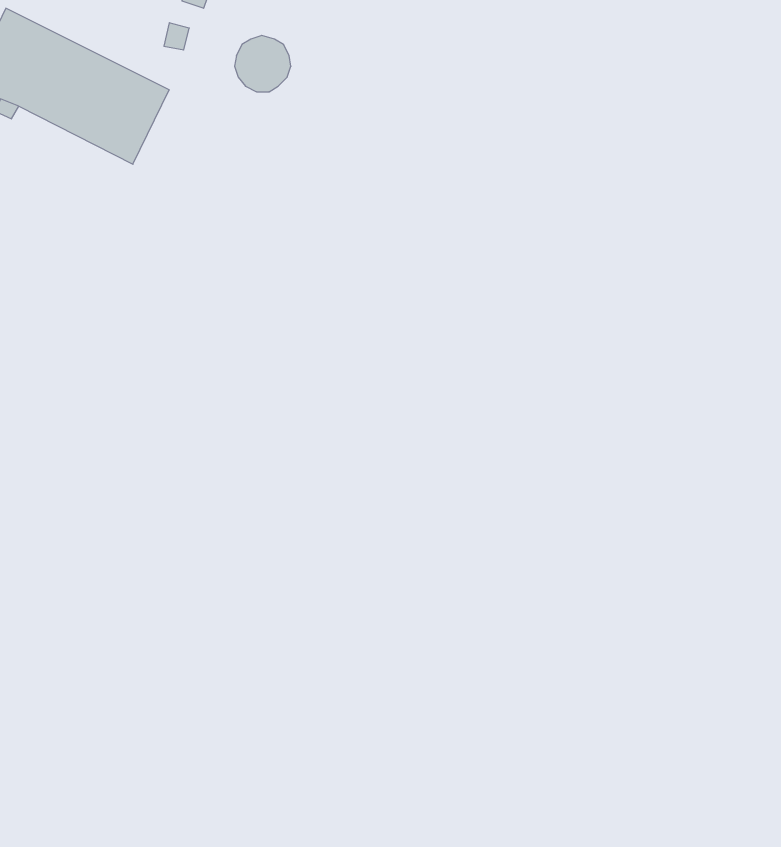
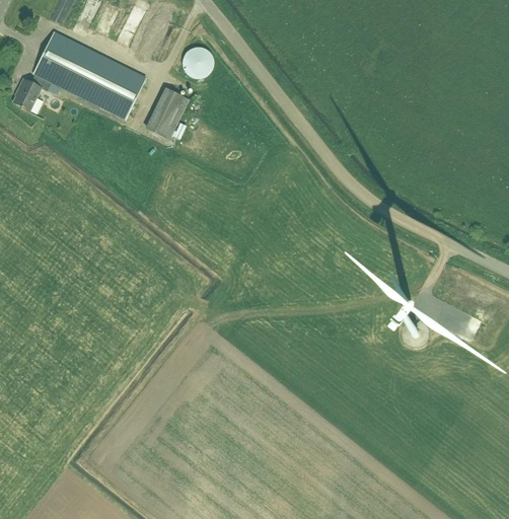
building: none -> [146,87,189,139]

